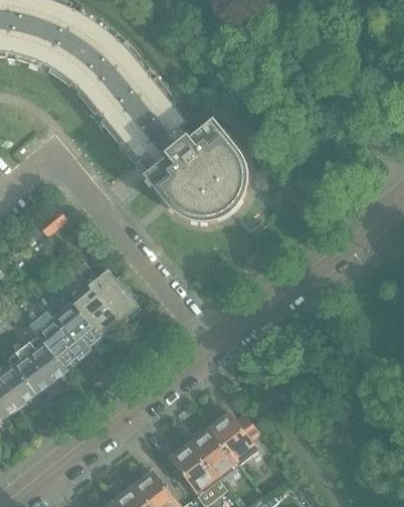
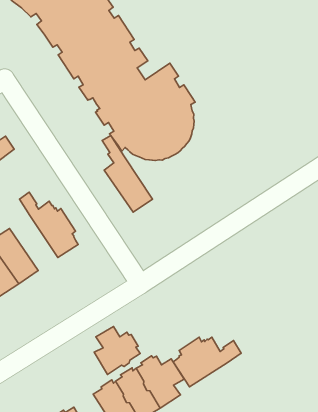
building: [63,266,120,340] -> [102,135,153,212]
building: none -> [94,326,140,374]
building: none -> [173,337,241,387]

